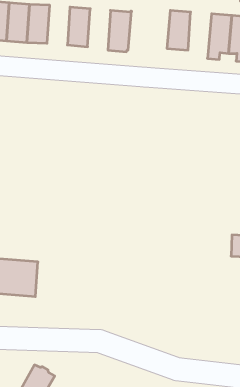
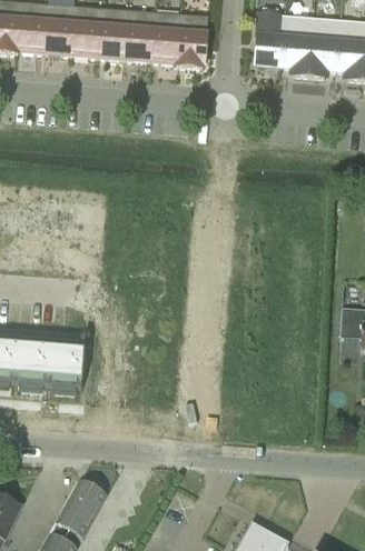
building: none -> [97,8,127,60]
building: none -> [150,12,180,67]
building: none -> [283,17,314,78]

